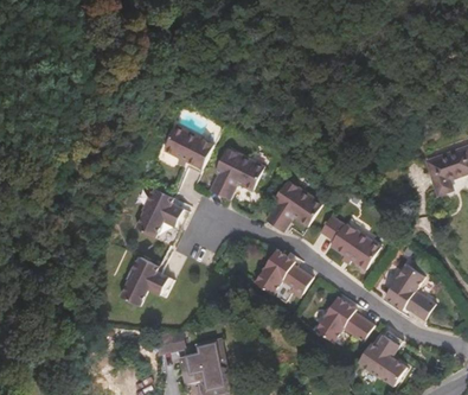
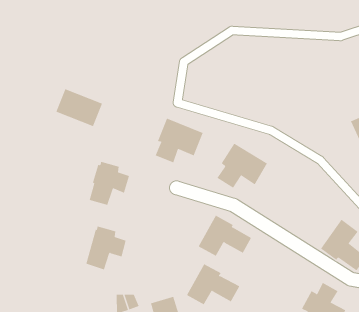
building: [160,121,212,165] -> [55,88,103,127]
building: [321,218,366,265] -> none
building: [315,298,374,343] -> [186,264,240,305]

